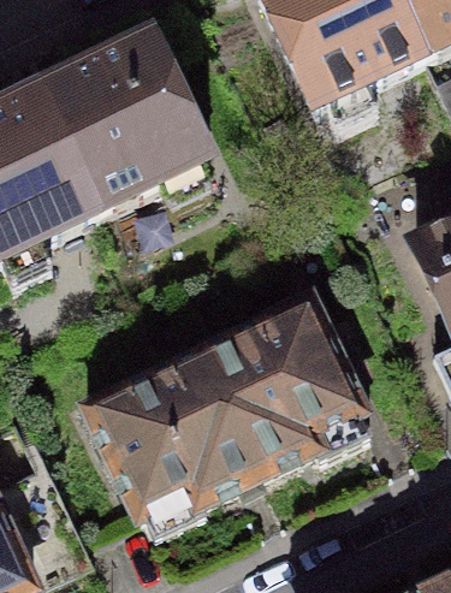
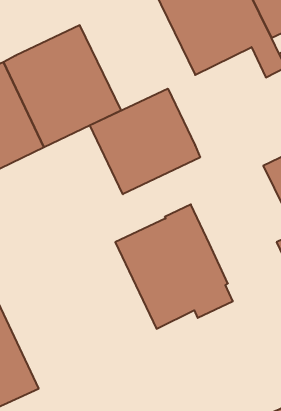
building: none -> [90,89,200,194]
building: [87,349,261,535] -> none

